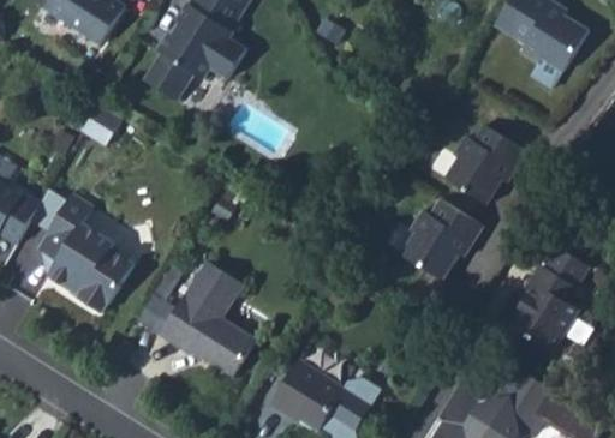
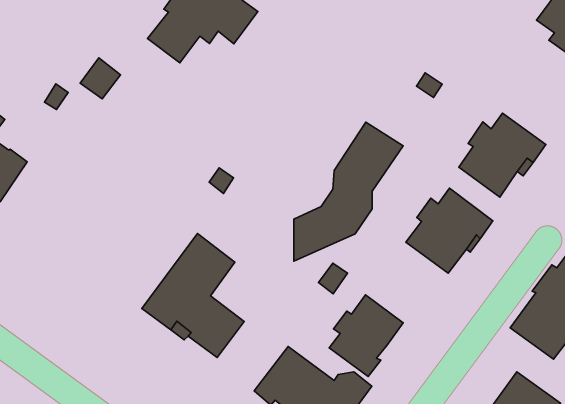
building: none -> [294,122,403,261]
building: [36,193,133,313] -> none
building: none -> [329,295,403,376]

